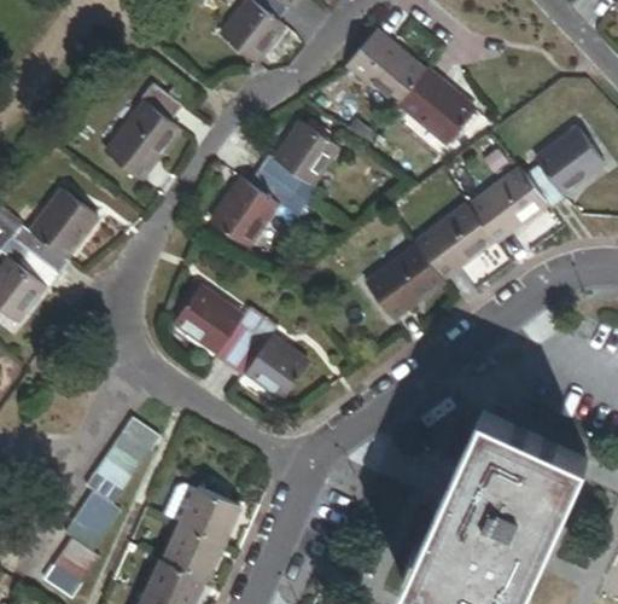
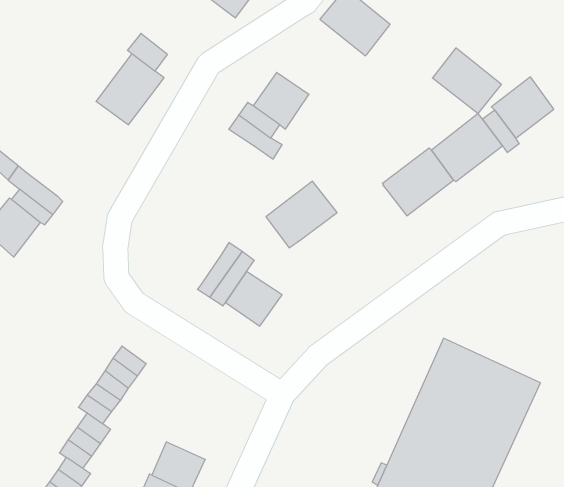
building: [398,70,473,141] -> [432,48,501,114]
building: [211,178,276,245] -> none
building: [29,188,98,257] -> none
building: [366,245,443,318] -> [266,181,337,248]
building: [174,288,241,353] -> none
building: [181,487,240,542] -> none

